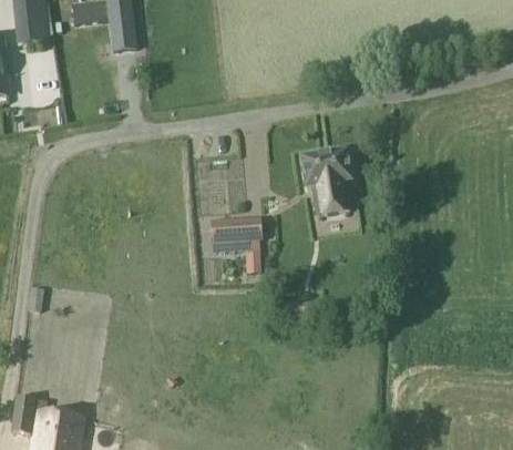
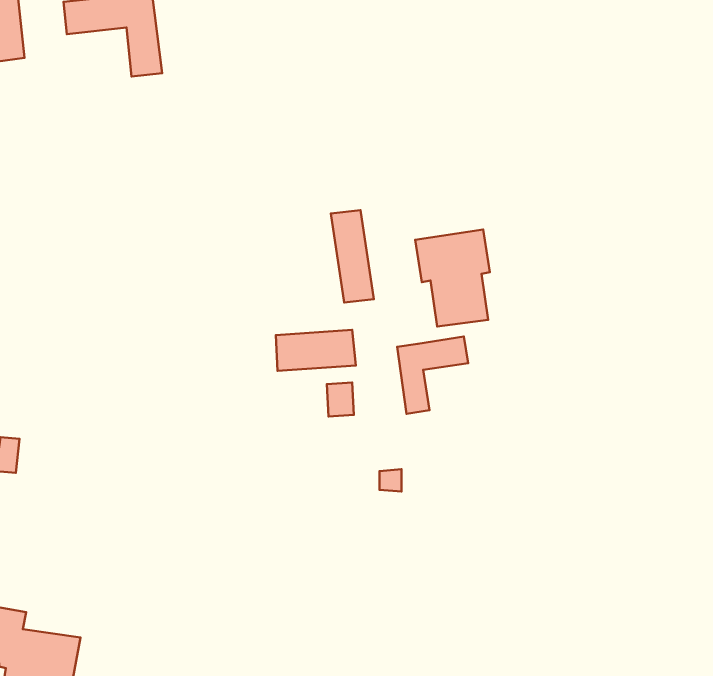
building: none -> [331,210,374,303]
building: none -> [397,337,468,414]

